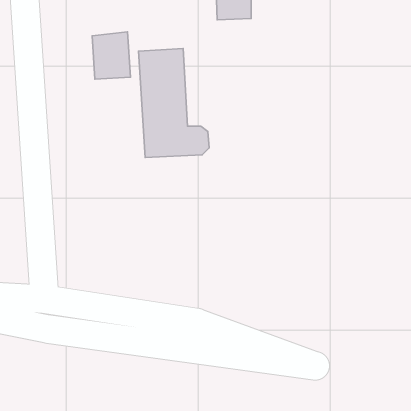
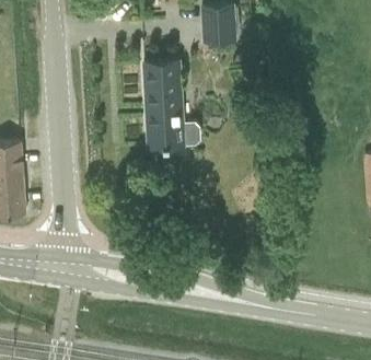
building: [92,32,130,79] -> none

